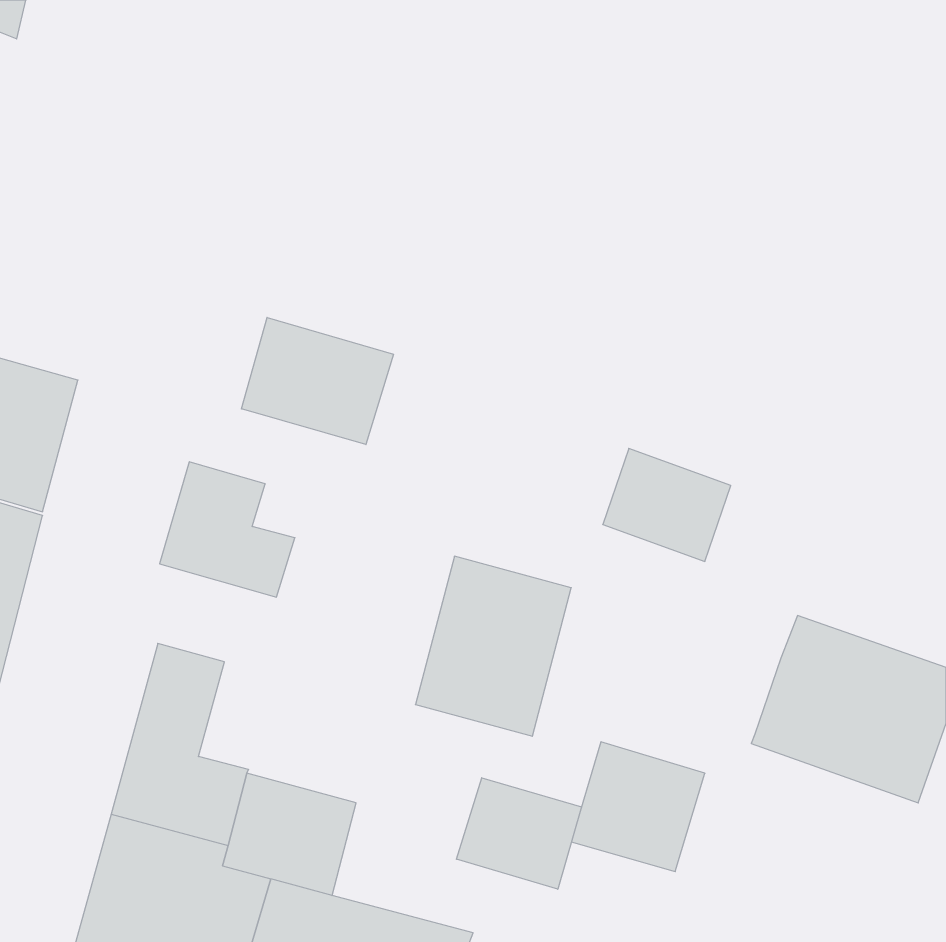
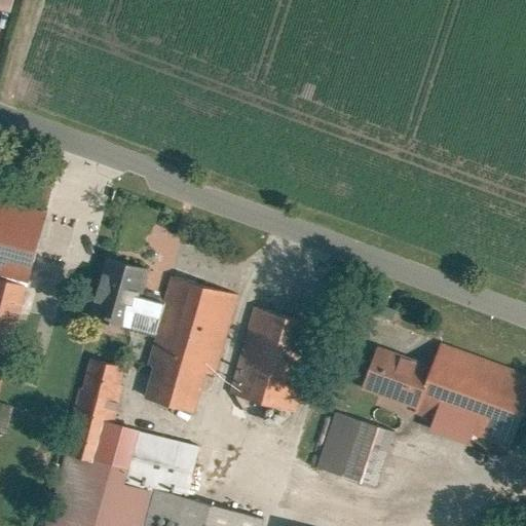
building: [241,317,394,445] -> none
building: [603,448,731,561] -> [362,347,433,410]
building: none -> [145,279,237,409]
building: [456,778,581,889] -> none

